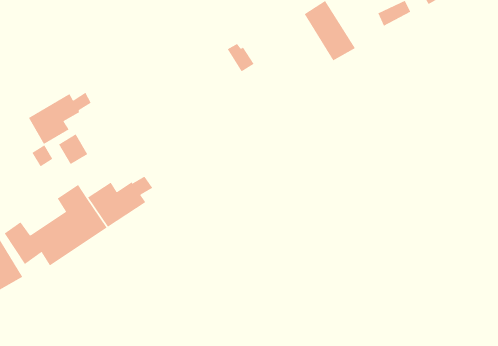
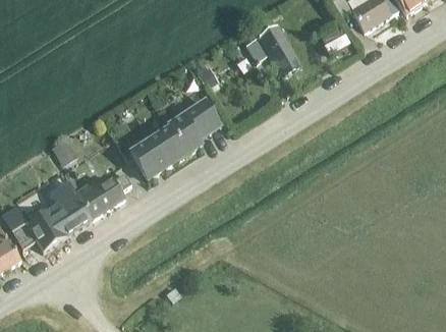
building: none -> [129,101,220,179]
building: [28,92,92,145] -> none

